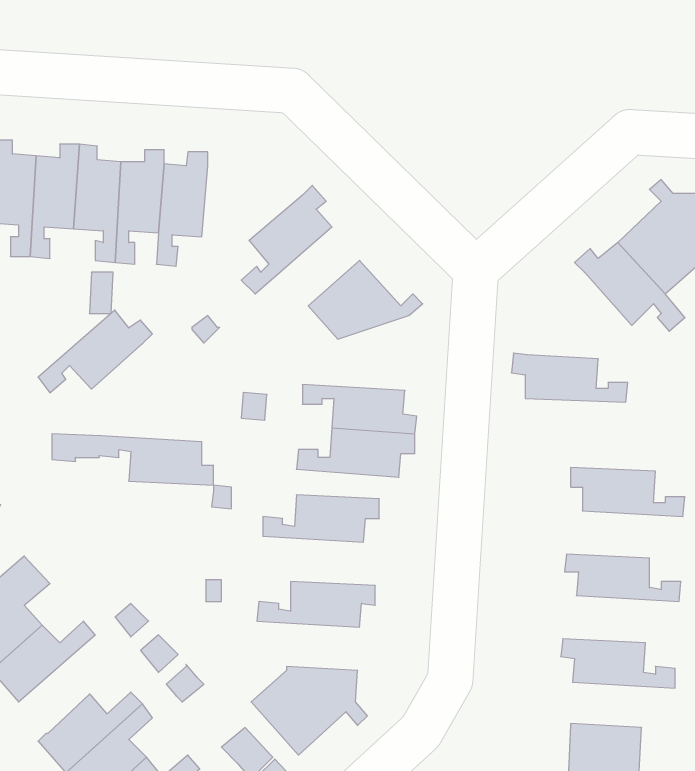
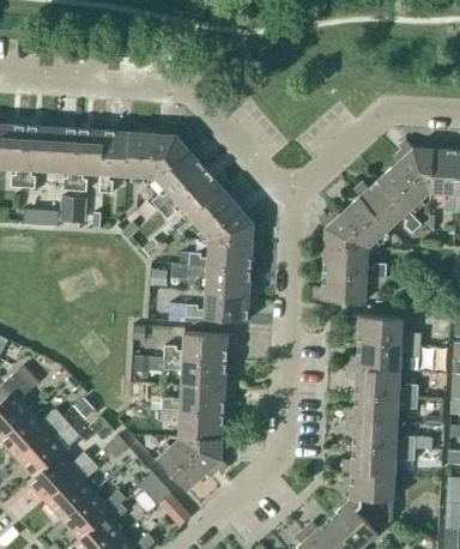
building: none -> [127,125,188,179]
building: none -> [319,198,388,251]
building: [38,310,152,393] -> [159,170,229,221]
building: none -> [188,224,260,270]
building: none -> [314,274,385,303]
building: [52,434,214,485] -> [134,357,232,388]
building: none -> [349,343,419,372]
building: none -> [346,394,417,423]
building: none -> [161,410,230,441]
building: none -> [16,418,68,478]
building: none -> [343,447,414,475]

